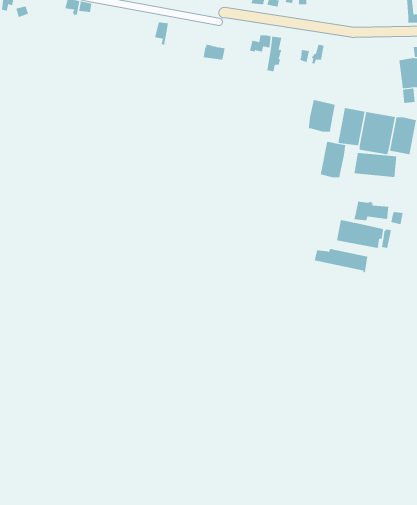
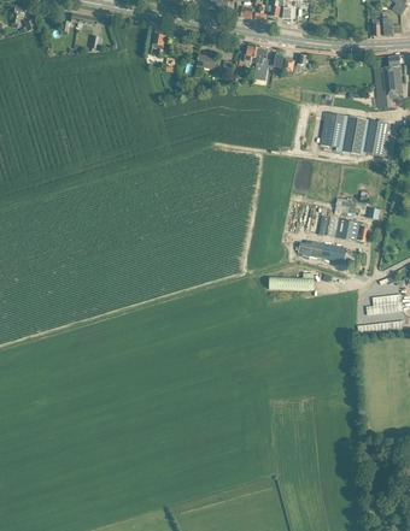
building: [308,99,335,132] -> none
building: [320,141,346,178] -> none
building: [354,152,397,178] -> none

